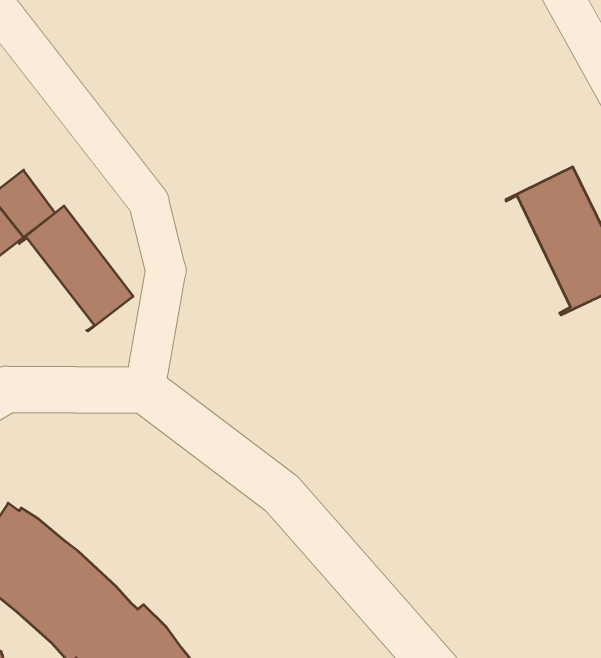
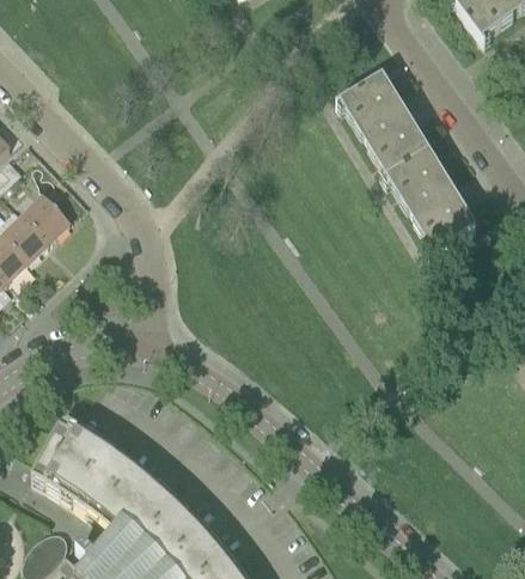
building: none -> [338,78,429,181]
building: [19,206,133,331] -> none

